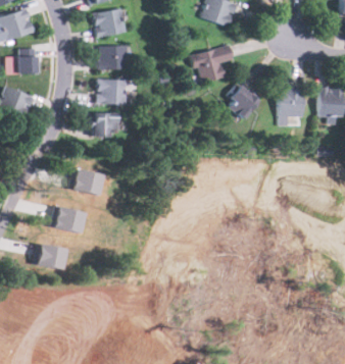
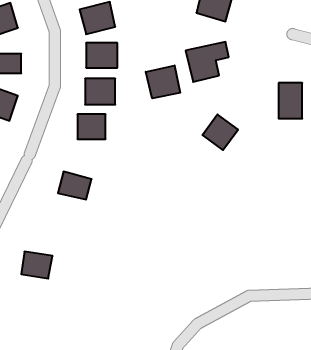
building: none -> [146,65,180,98]
building: [226,85,259,118] -> [202,114,238,150]
building: [53,204,86,231] -> none

